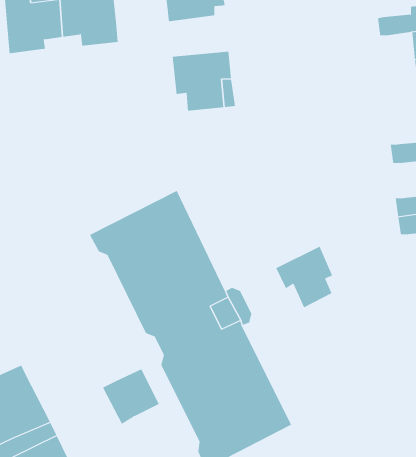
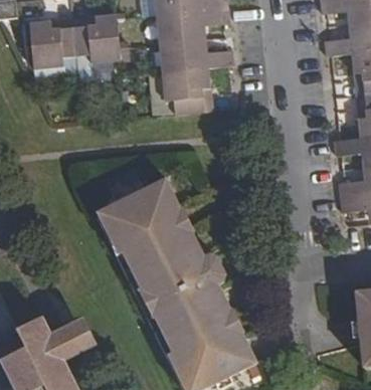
building: none -> [159,39,233,71]
building: [276,246,333,308] -> none
building: [102,368,160,424] -> [51,316,97,360]

